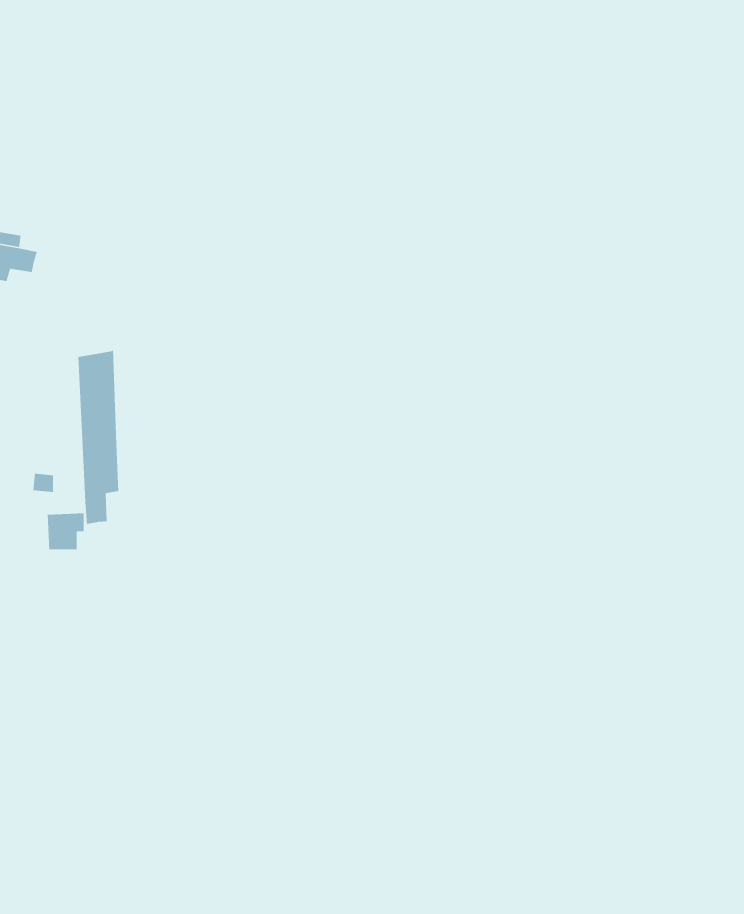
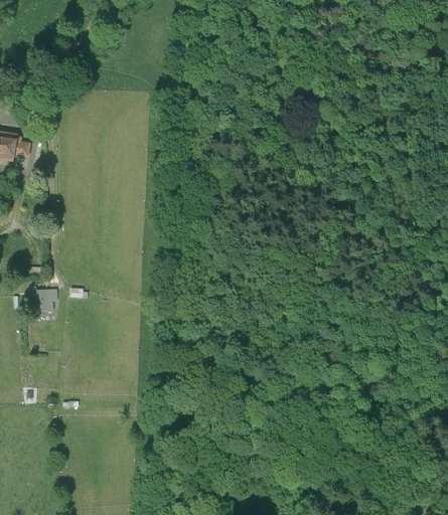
building: [78,349,119,525] -> none

